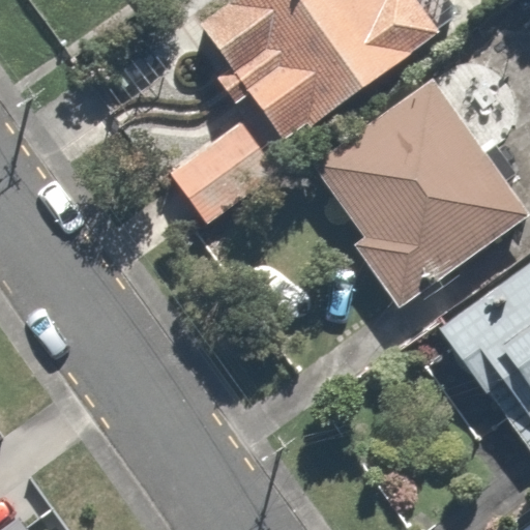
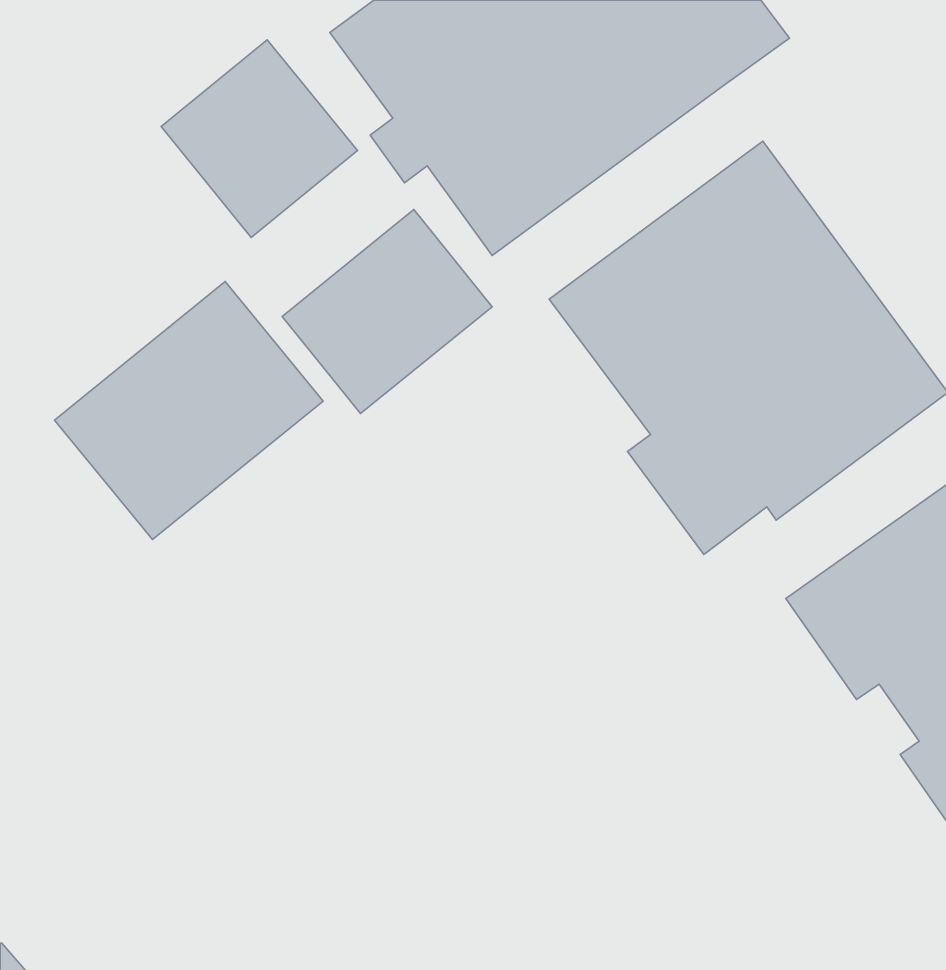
building: none -> [161,40,357,237]
building: none -> [54,282,323,539]

